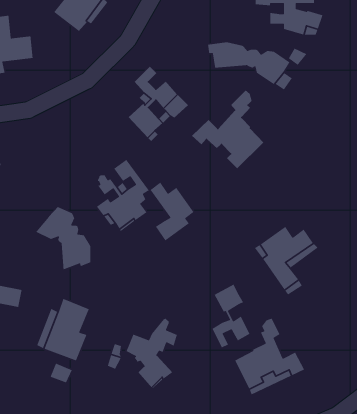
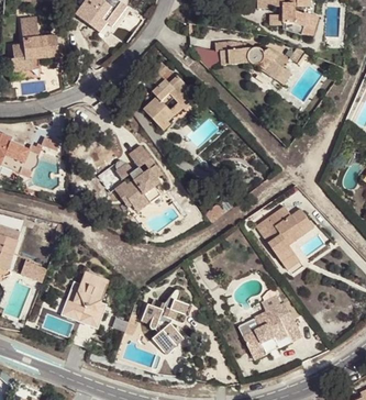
building: [191,89,264,169] -> none
building: [149,181,195,241] -> none
building: [34,206,91,270] -> none
building: [211,283,251,349] -> none

